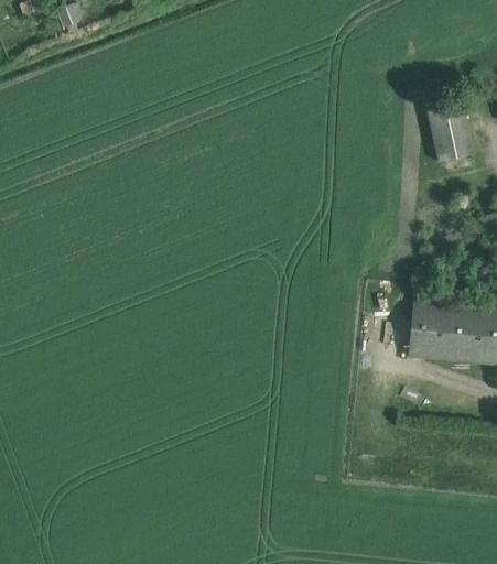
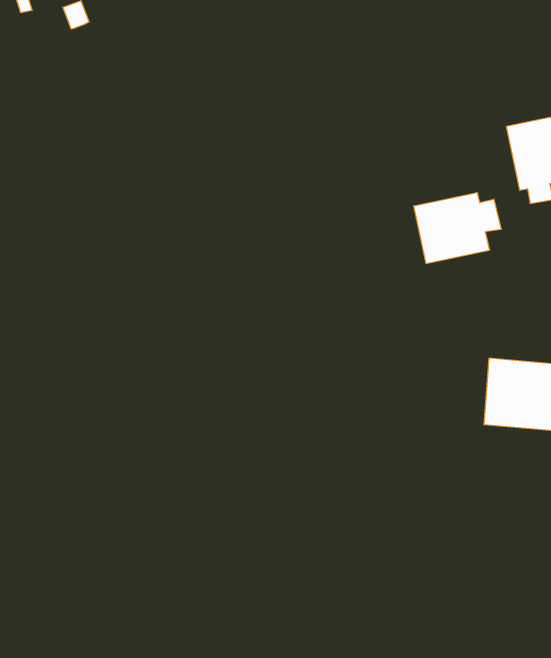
building: none -> [414,192,501,264]

